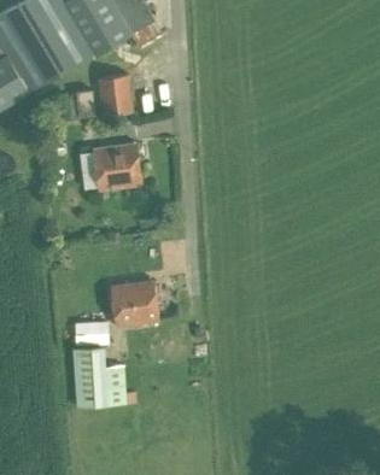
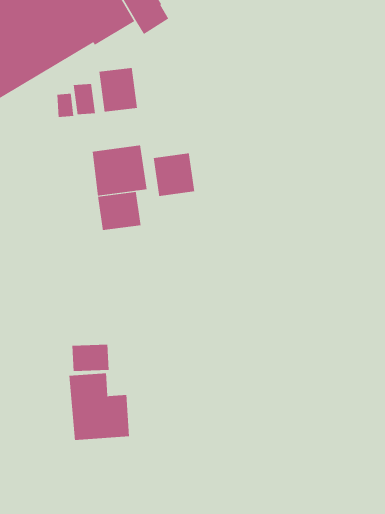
building: none -> [153,153,195,197]
building: none -> [97,191,141,231]
building: [110,280,158,326] -> none

